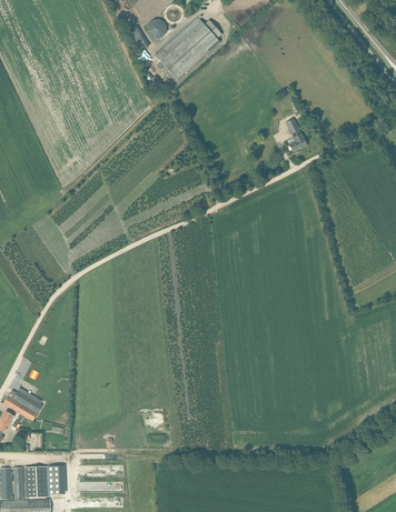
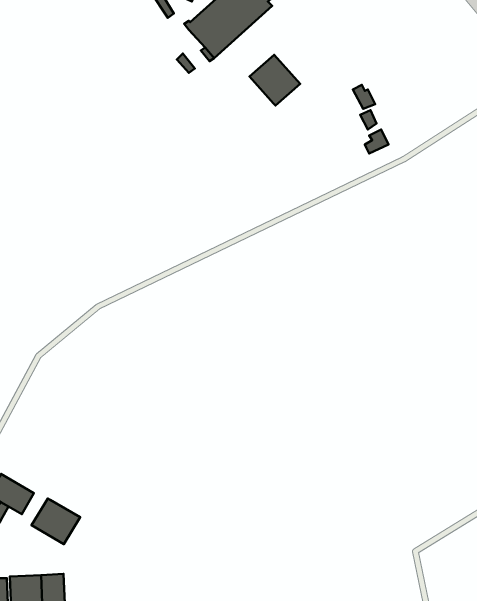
building: none -> [249,55,300,106]
building: none -> [32,498,80,544]

